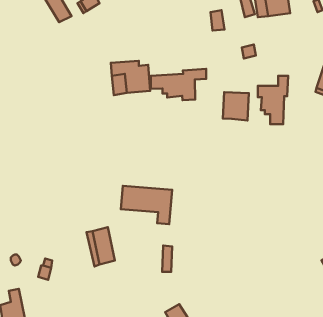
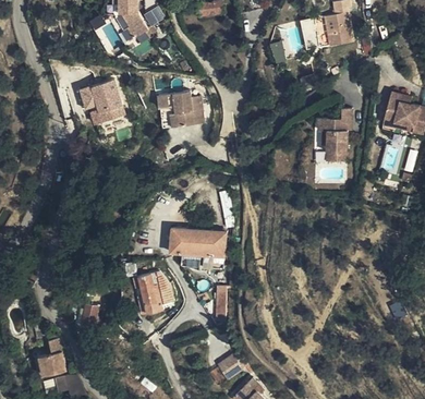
building: none -> [76,82,125,126]
building: [151,69,206,100] -> none
building: [223,92,249,120] -> none

